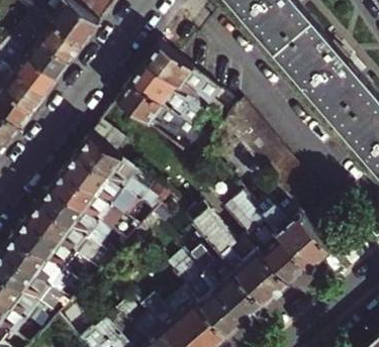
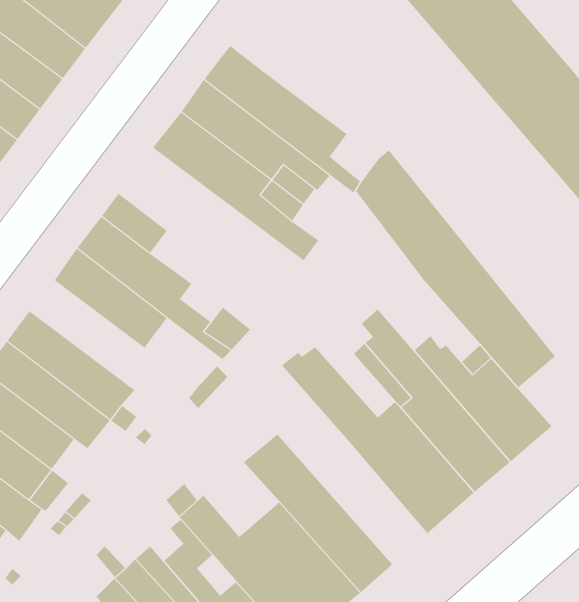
building: [51,172,112,225] -> none
building: [183,244,263,324] -> none

